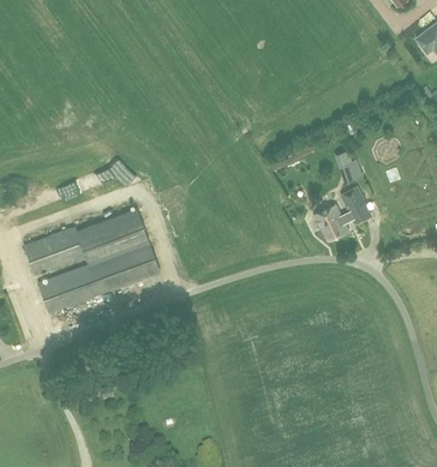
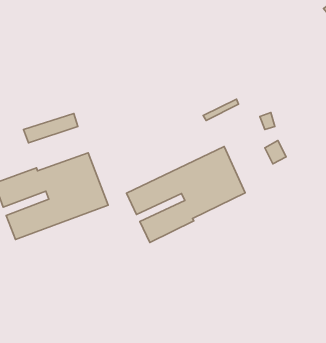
building: none -> [127,147,245,243]
building: [315,204,349,241] -> none

